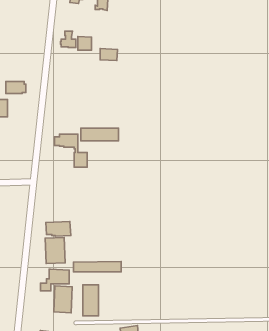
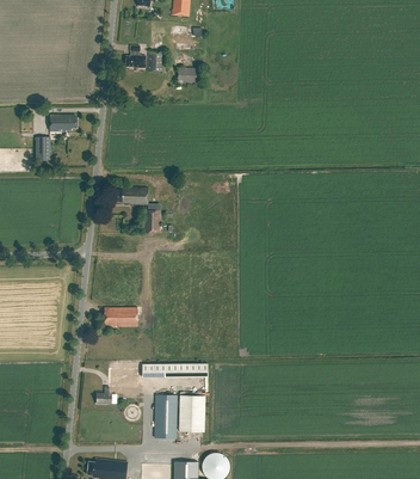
building: [81,128,119,141] -> none
building: [45,238,65,264] -> none
building: [54,286,72,313] -> [178,394,203,431]

